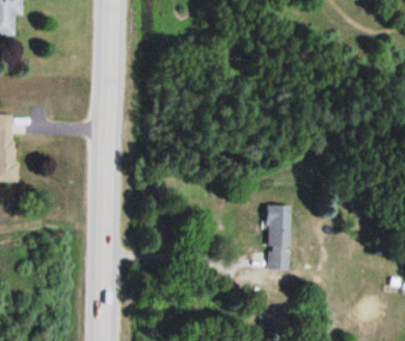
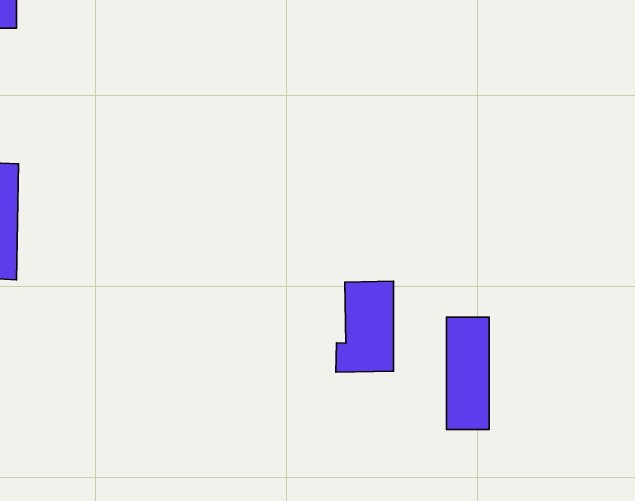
building: none -> [336,281,393,372]

